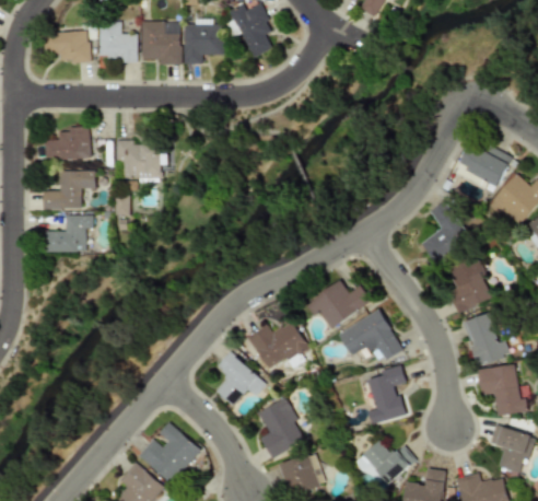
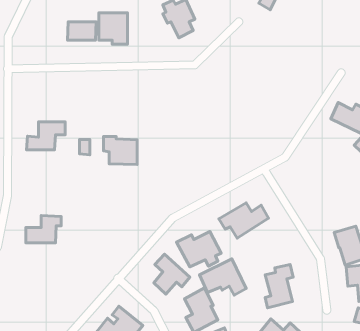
building: [184,24,222,63] -> none
building: [46,31,90,62] -> none
building: [45,128,91,160] -> none
building: [116,140,162,178] -> [103,136,137,165]
building: [422,201,470,261] -> none
building: [45,214,93,252] -> [26,216,61,243]
building: [447,254,492,314] -> none
building: [339,310,402,359] -> [200,259,246,295]

